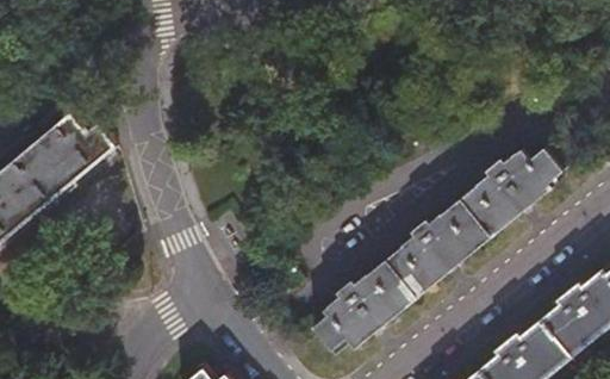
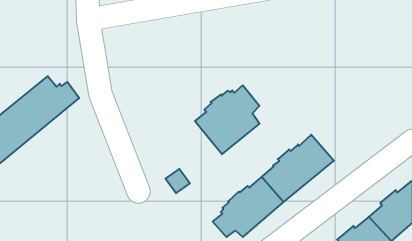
building: none -> [195,85,259,154]
building: [456,149,558,237] -> none

